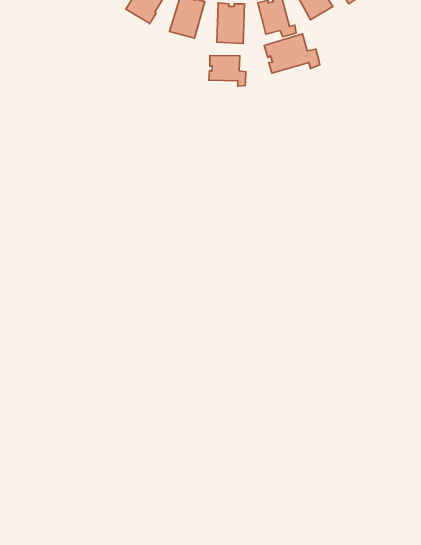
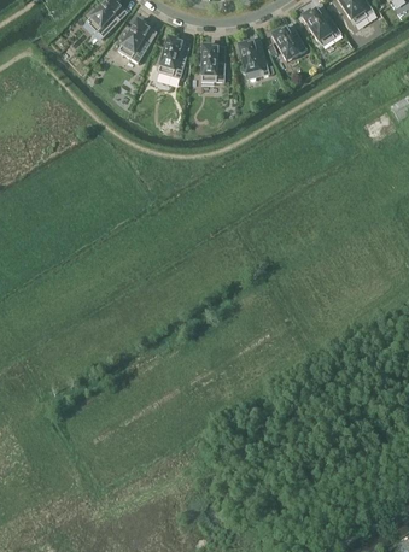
building: [264,34,320,73] -> none
building: [209,56,246,86] -> none

